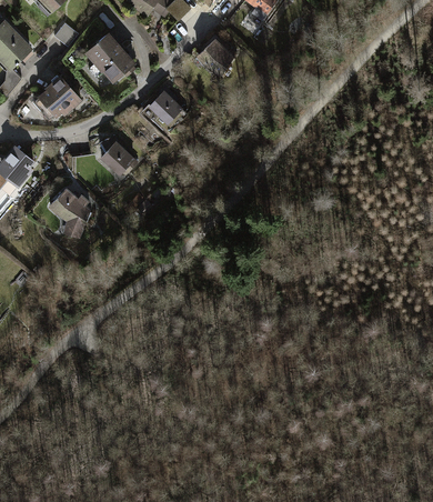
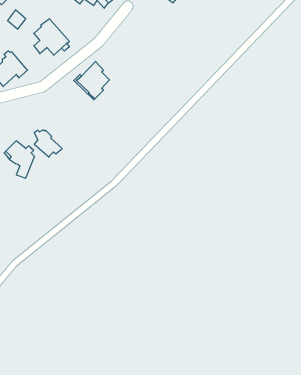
building: [198,39,235,74] -> none
building: [101,139,137,173] -> [34,130,62,157]

